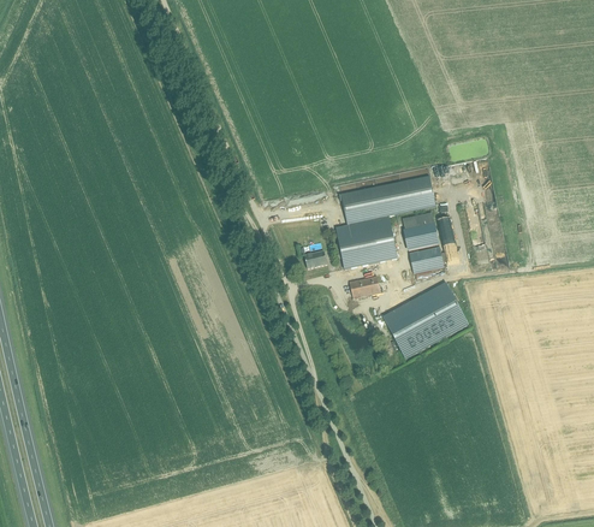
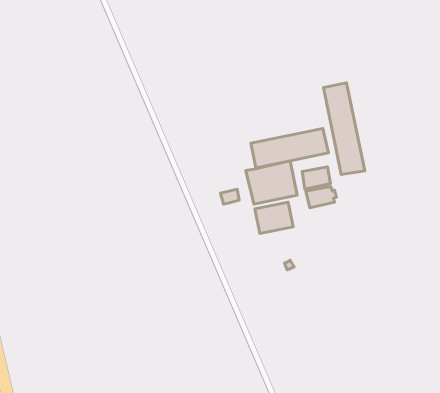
building: none -> [323,83,365,175]
building: [381,282,468,359] -> none

